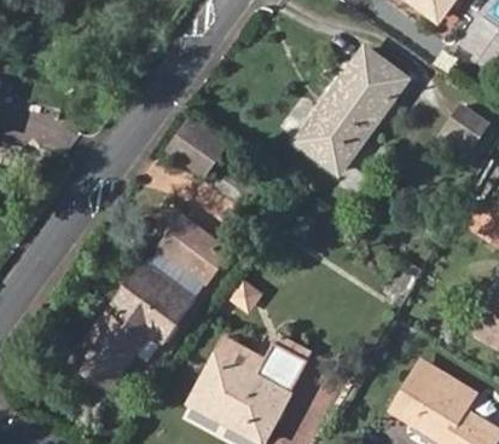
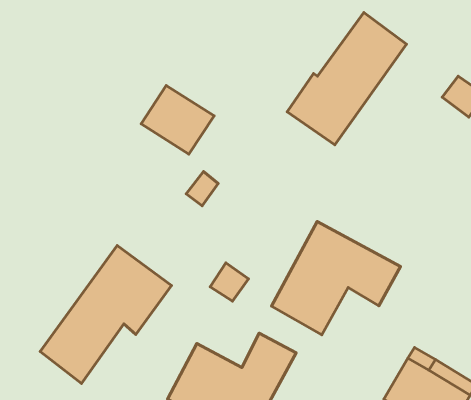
building: [158,215,227,282] -> none
building: none -> [271,221,401,335]

